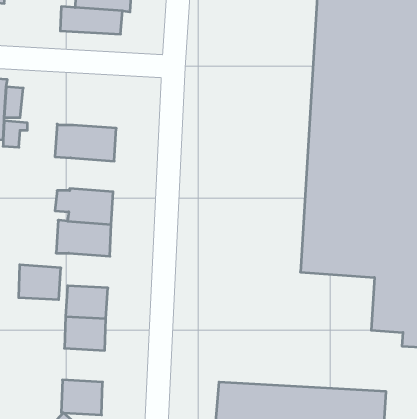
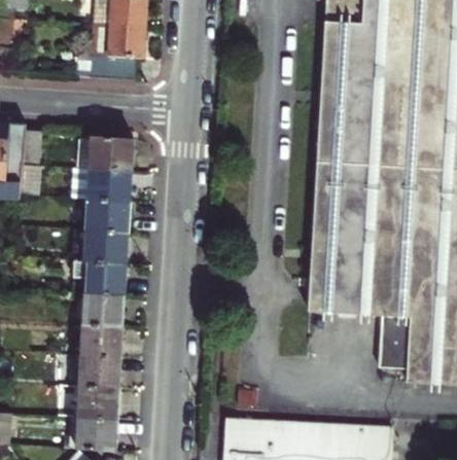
building: none -> [74,136,132,170]
building: none -> [84,199,128,232]
building: [19,265,61,300] -> [82,291,124,325]
building: none -> [77,384,118,417]

